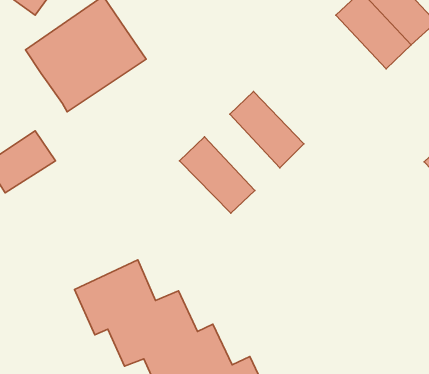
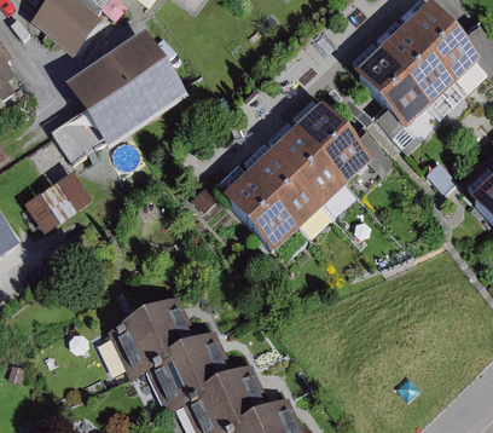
building: none -> [353,50,429,127]
building: none -> [295,103,371,180]
building: none -> [50,109,101,160]
building: none -> [245,150,321,227]

